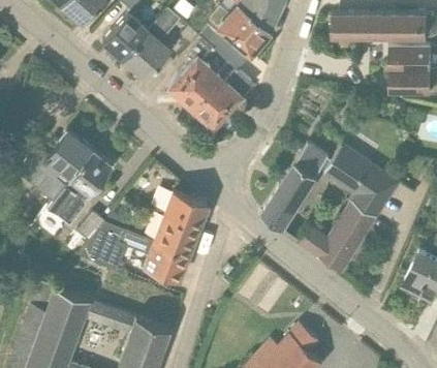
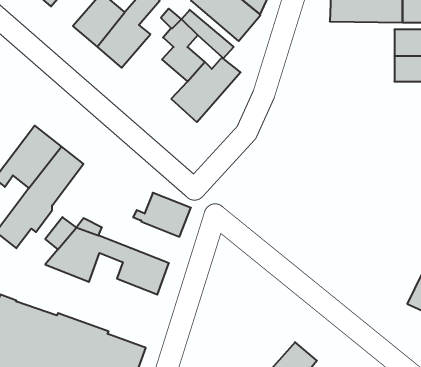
building: [167,72,205,108] -> none
building: [261,145,404,276] -> none
building: [154,217,197,254] -> none

